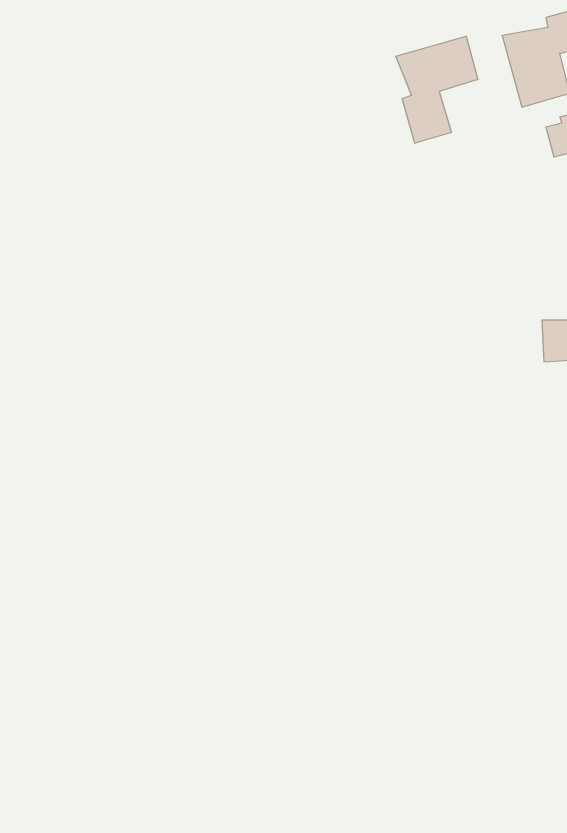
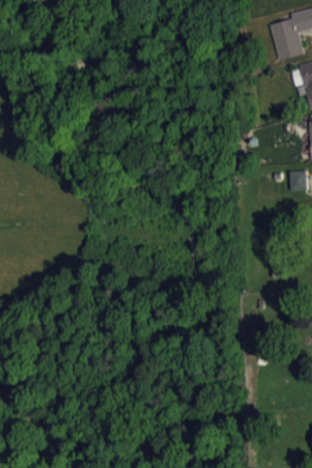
building: [396,36,478,143] -> none

